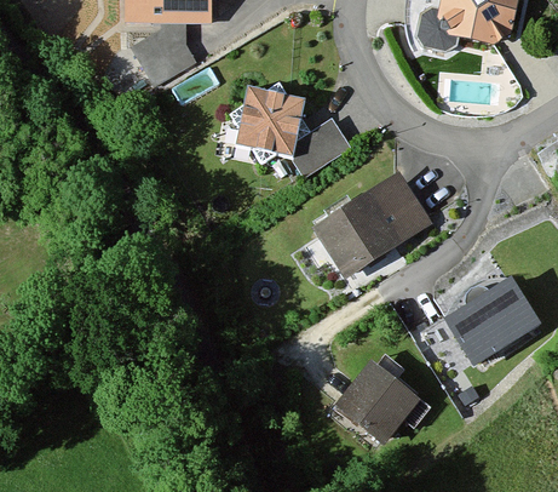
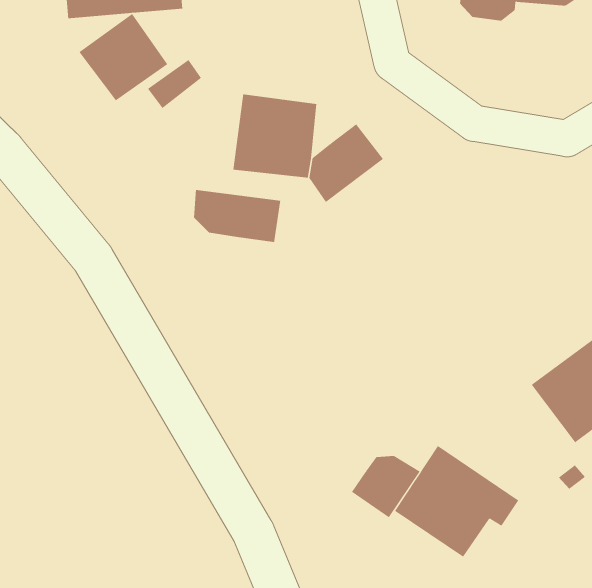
building: none -> [194,189,281,243]
building: [315,173,435,278] -> none
building: none -> [351,455,420,518]

